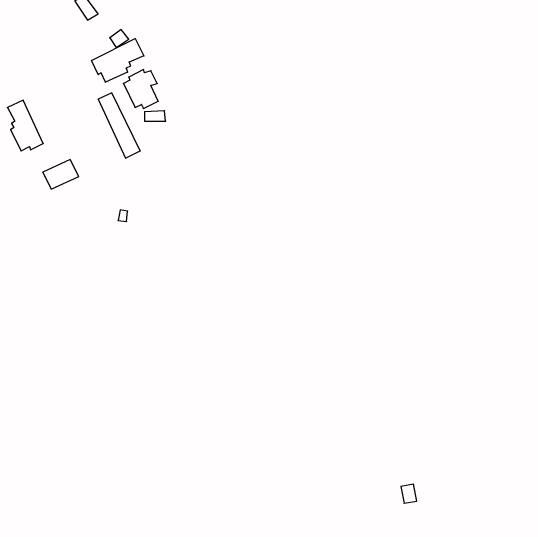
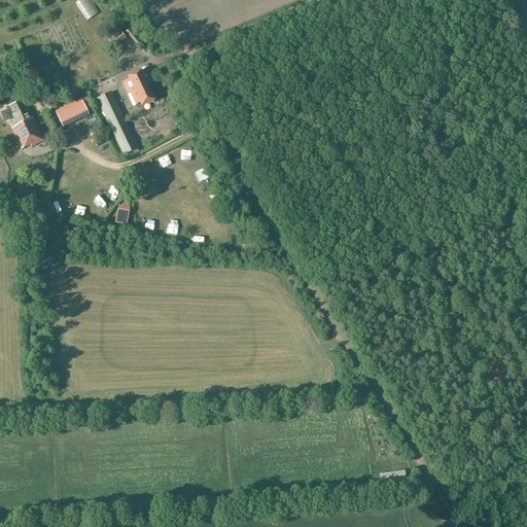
building: [92,39,144,82] -> none
building: [43,160,79,189] -> [54,98,89,127]

